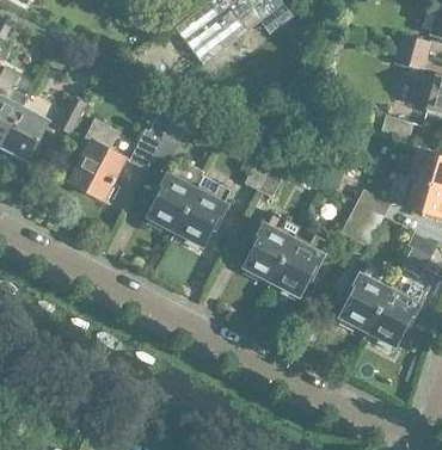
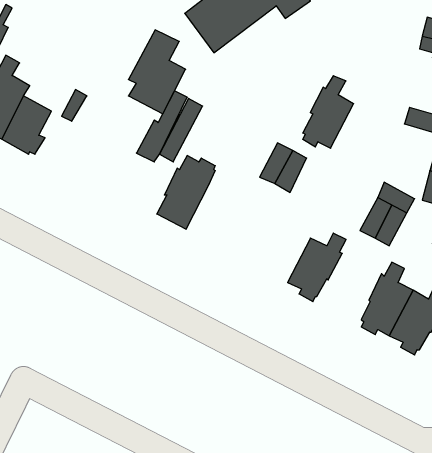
building: [70,121,124,199] -> [128,30,186,114]
building: [176,177,231,245] -> none
building: [245,214,293,282] -> [303,76,354,148]

